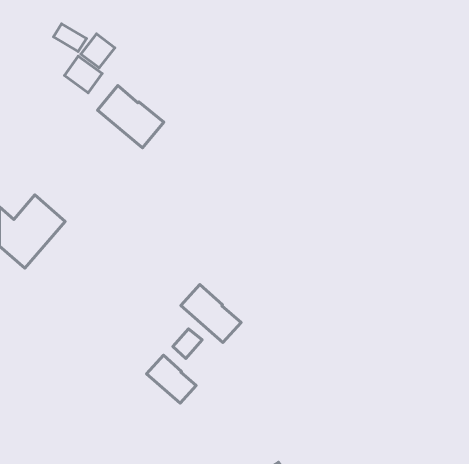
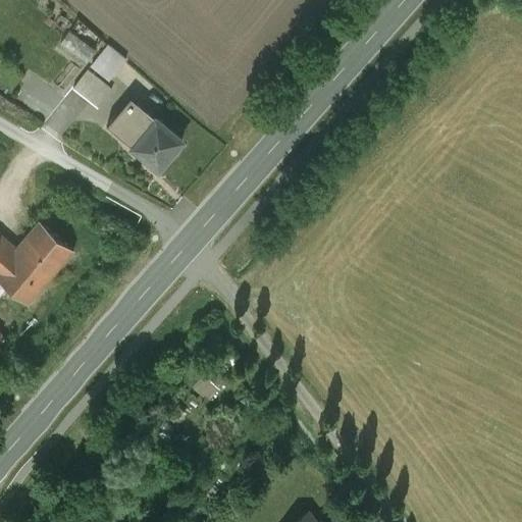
building: [181,284,241,343] -> none
building: [147,355,196,403] -> none

